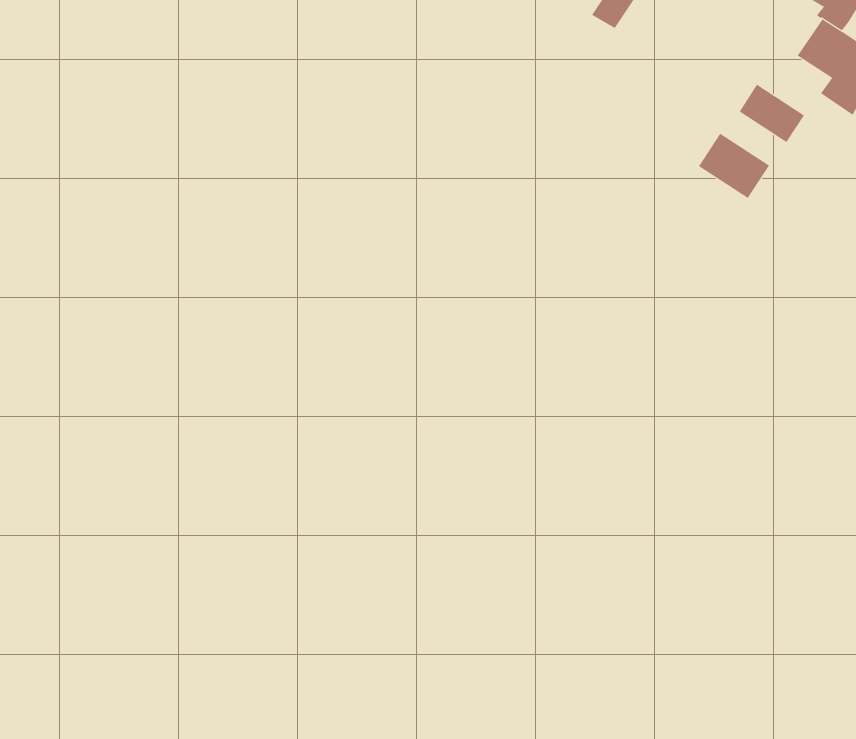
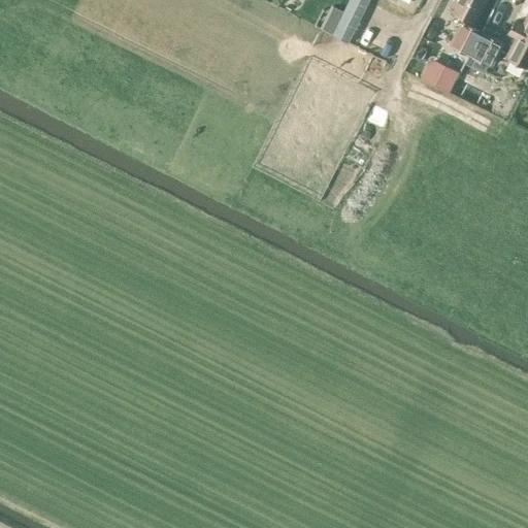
building: [698,133,770,199] -> none

